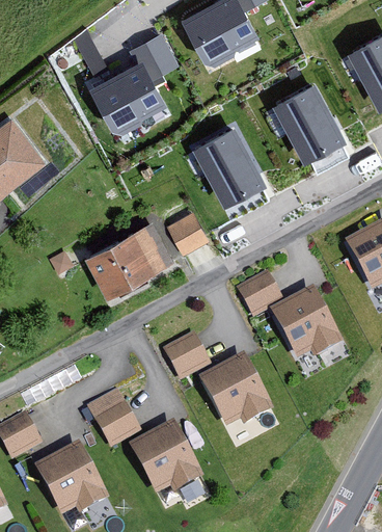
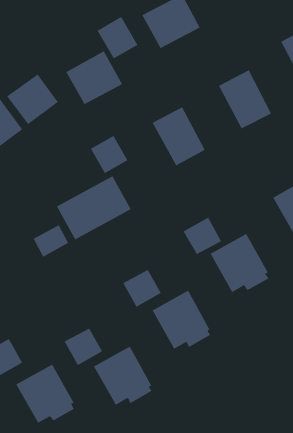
building: none -> [6,74,59,125]
building: [165,207,212,255] -> [90,135,129,174]
building: none -> [32,224,69,258]

